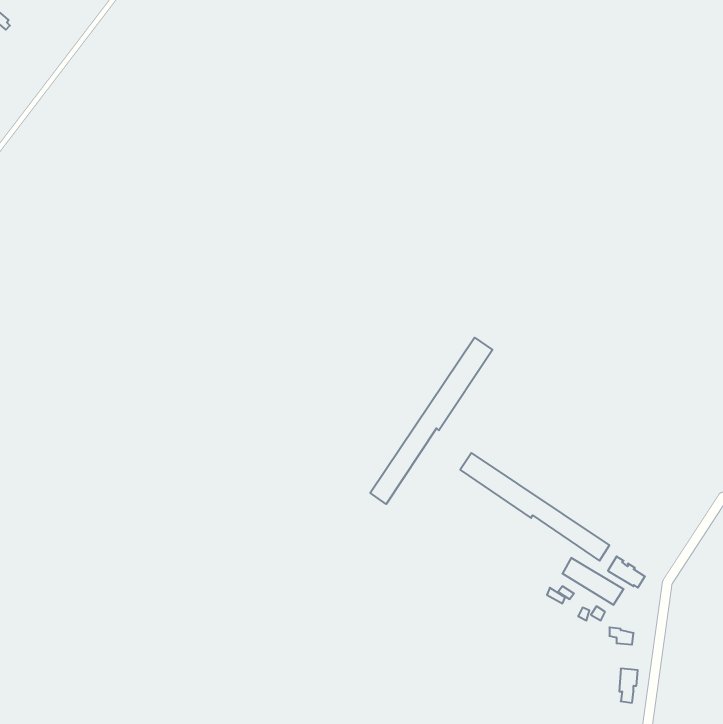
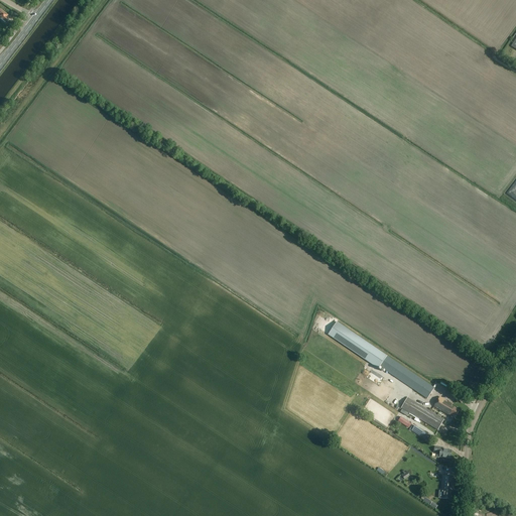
building: [370,338,492,504] -> none

